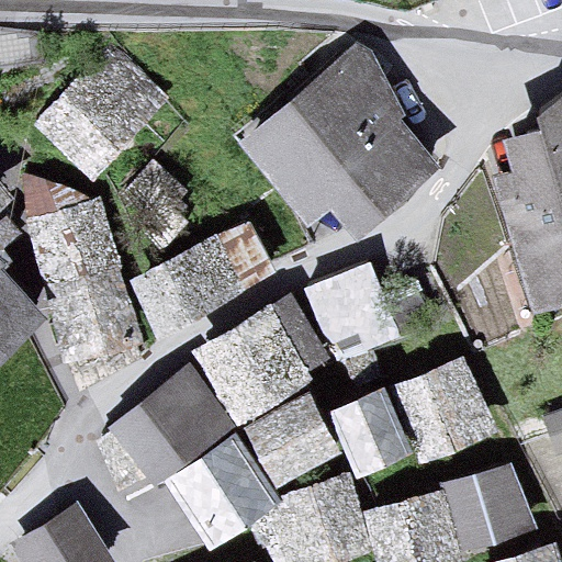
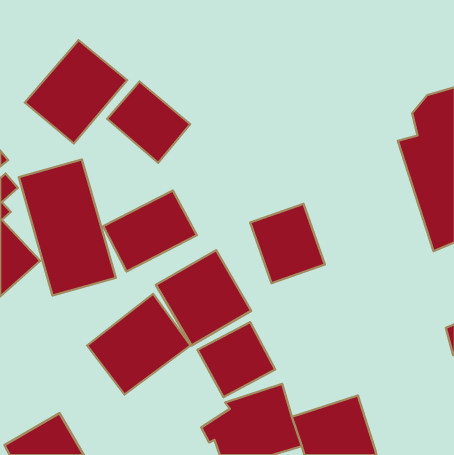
building: [237,45,446,236] -> none
building: none -> [107,81,190,163]
building: [390,364,496,472] -> none
building: [328,390,409,480] -> none
building: [165,432,284,552] -> none
building: [441,460,537,553] -> none

